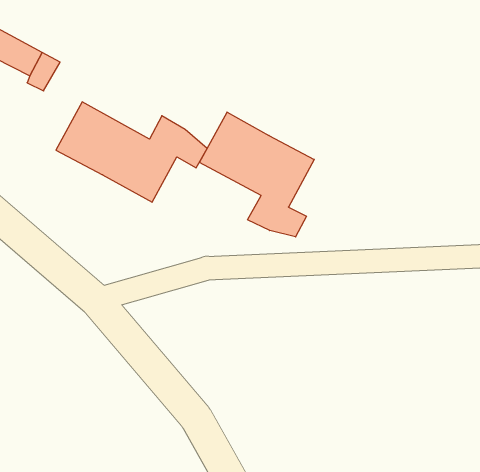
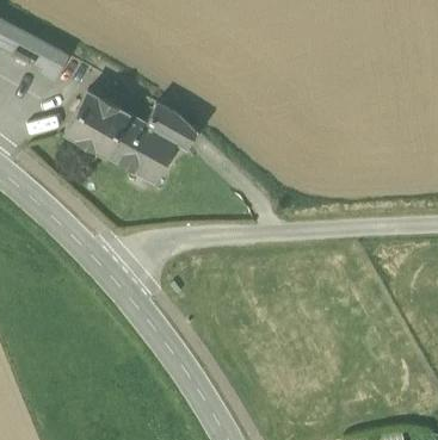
building: [200,112,314,237] -> none

